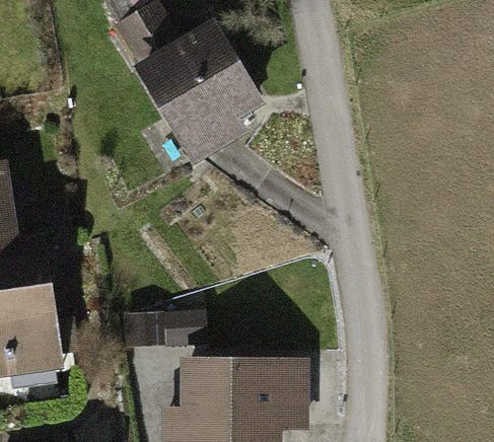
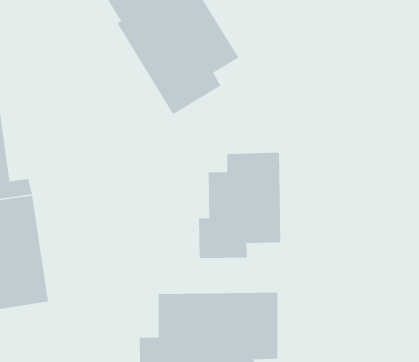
building: none -> [198,152,281,259]

